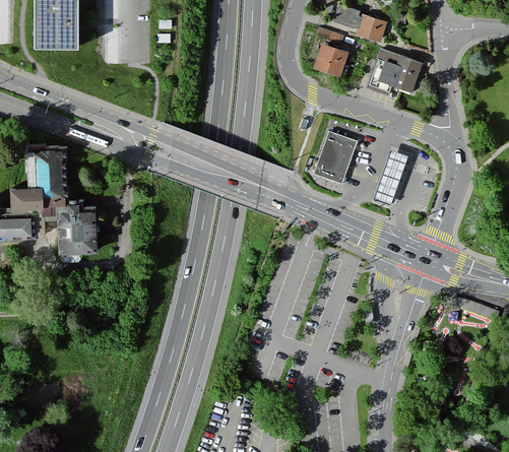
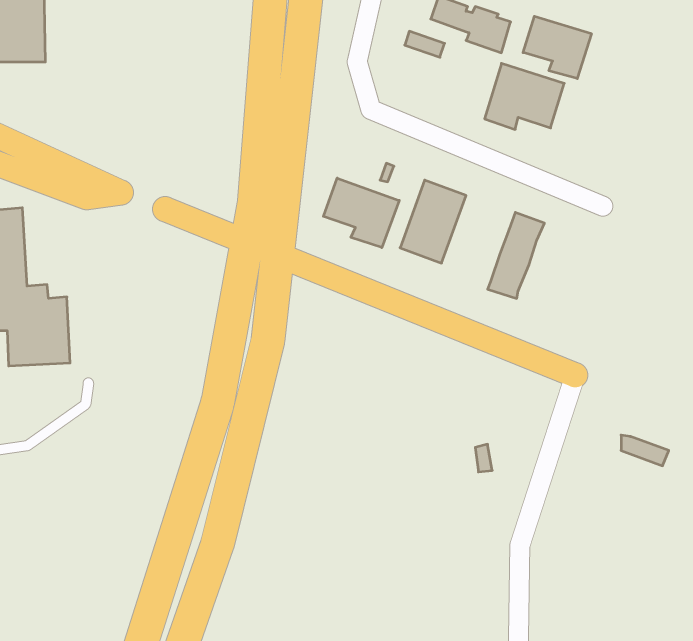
building: none -> [523,16,591,79]
building: [313,45,347,78] -> none
building: none -> [323,178,399,248]

